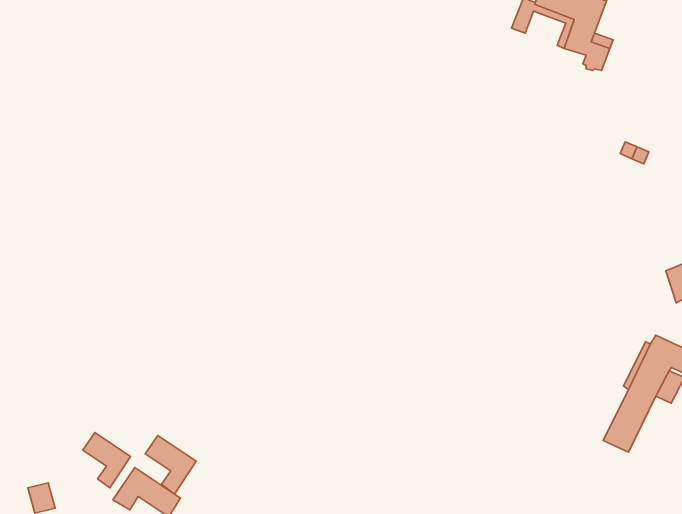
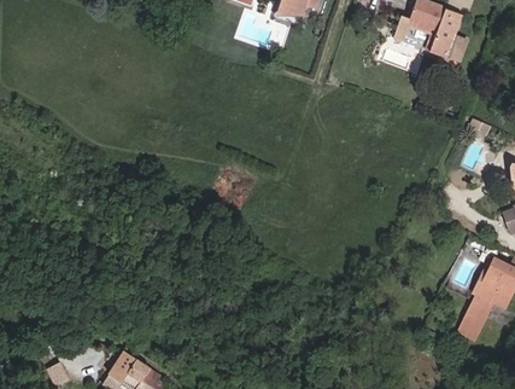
building: [83,433,131,488] -> none
building: [145,435,196,494] -> none

